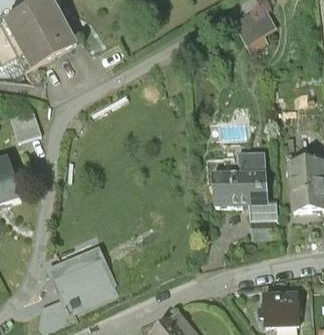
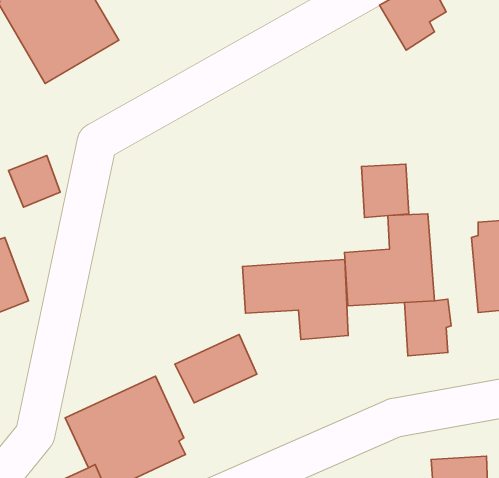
building: none -> [361,164,409,218]
building: none -> [243,260,348,339]
building: none -> [175,334,257,403]

